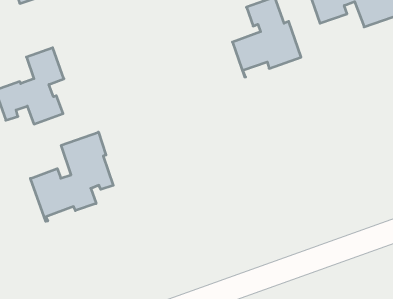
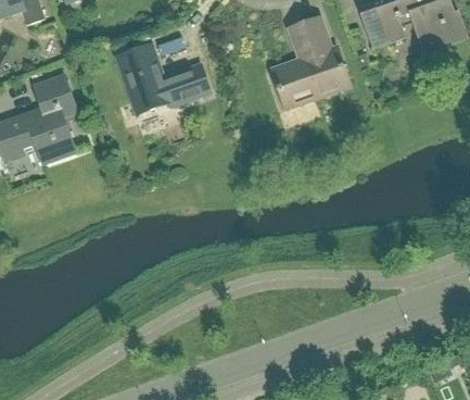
building: none -> [115,47,211,115]
building: [30,132,113,221] -> none

